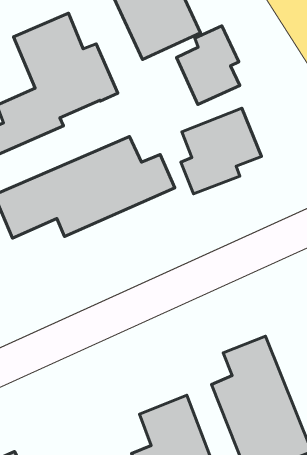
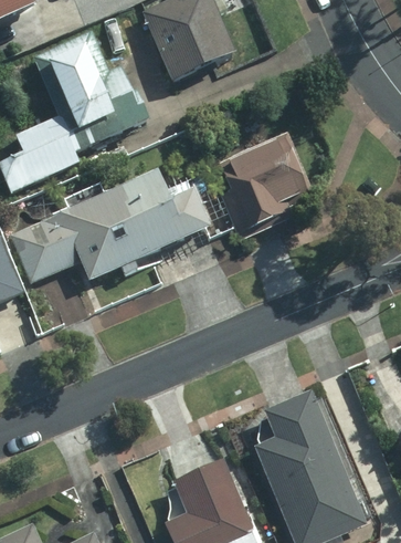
building: [176,26,240,104] -> none

